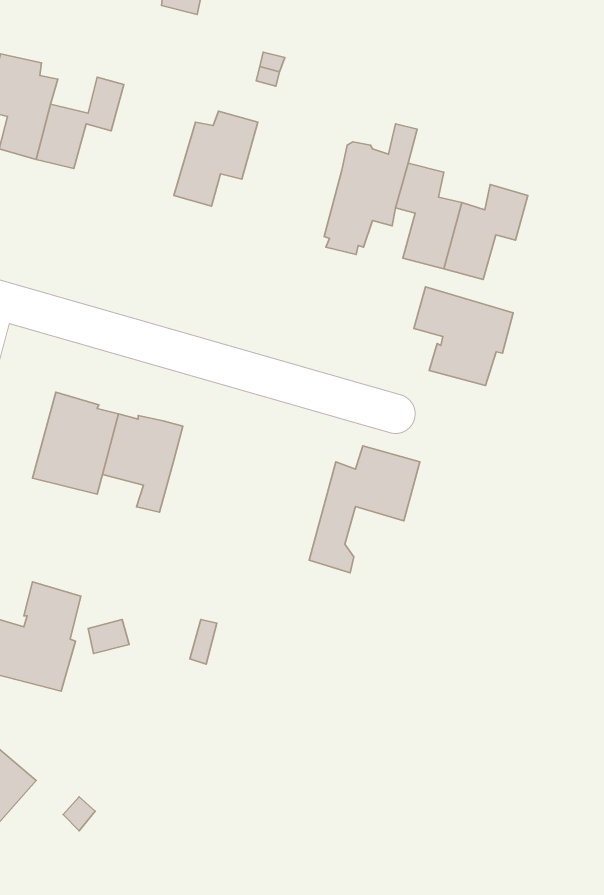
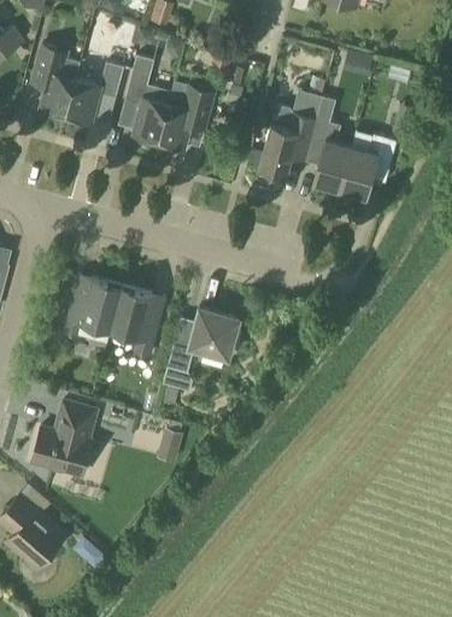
building: none -> [124,57,172,142]
building: [414,287,513,386] -> none
building: [309,446,420,573] -> [163,307,237,393]

